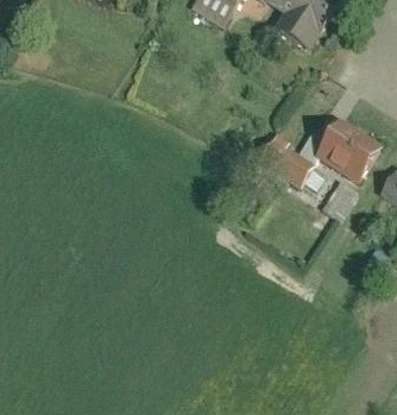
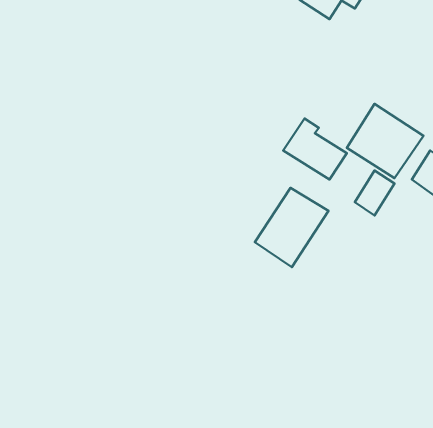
building: none -> [255,188,329,267]

